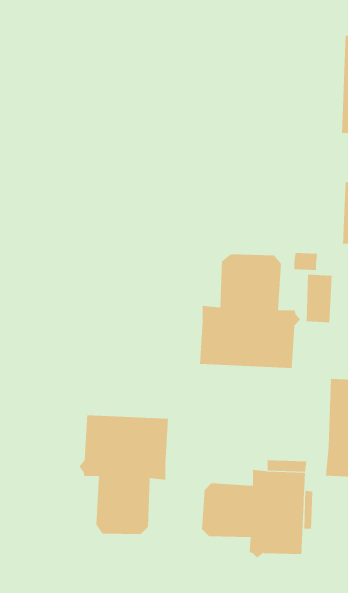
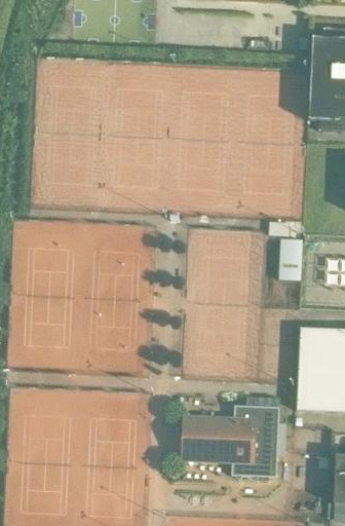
building: [200,254,301,369] -> none
building: [79,415,168,535] -> none

